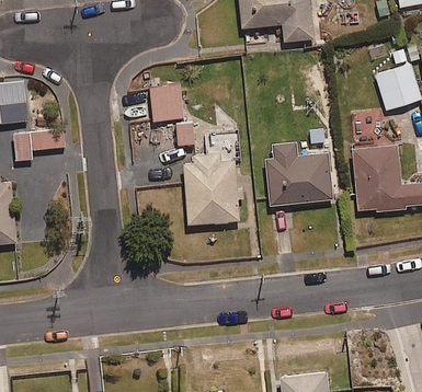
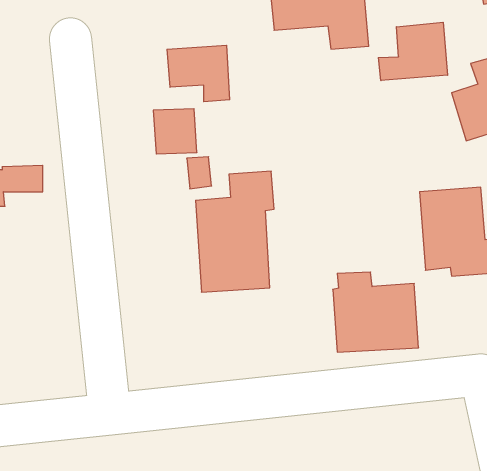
building: none -> [378,22,448,81]
building: none -> [167,45,230,102]
building: [265,143,330,204] -> [333,272,419,352]

